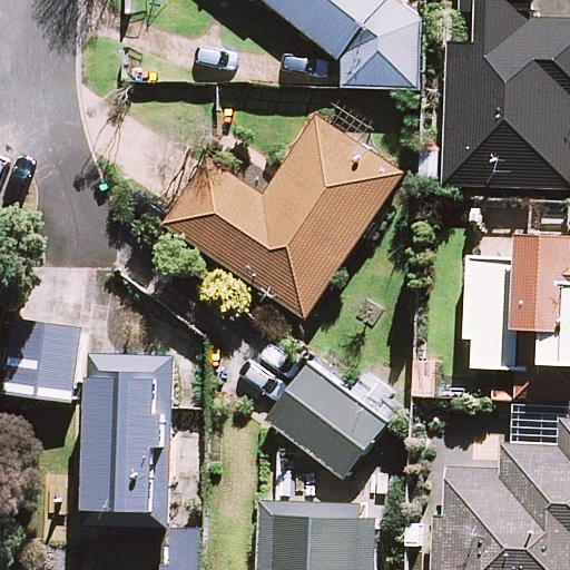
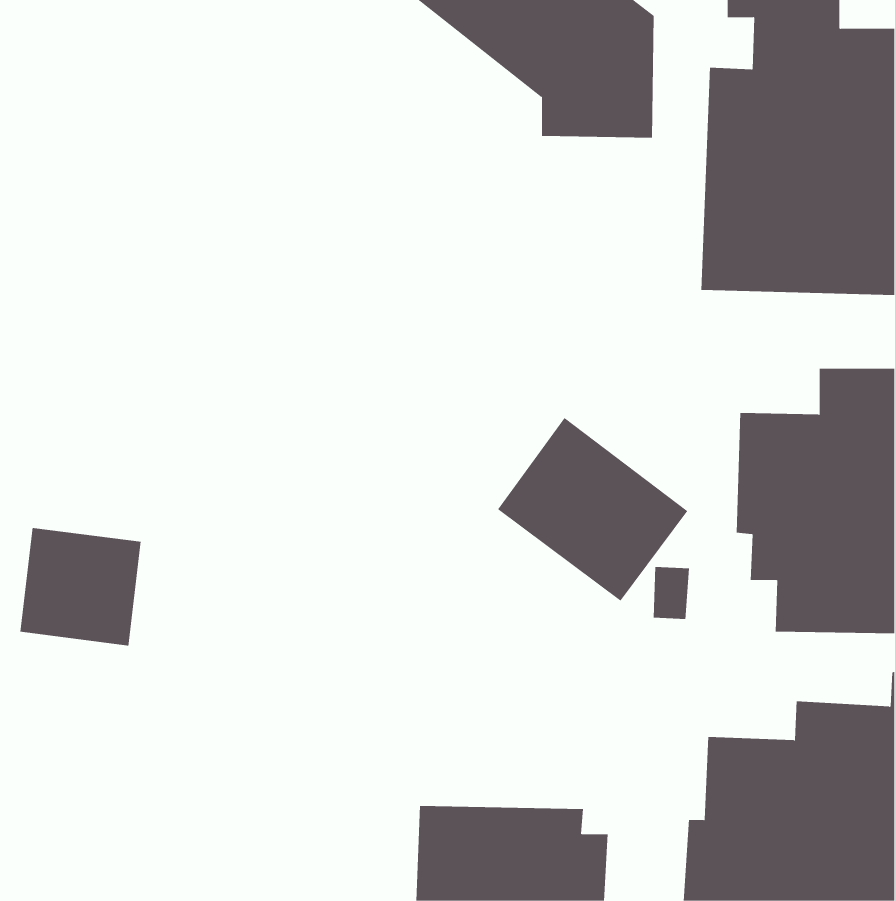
building: [166,116,400,316] -> none
building: [92,361,180,537] -> none
building: [274,368,394,484] -> [497,417,688,601]

